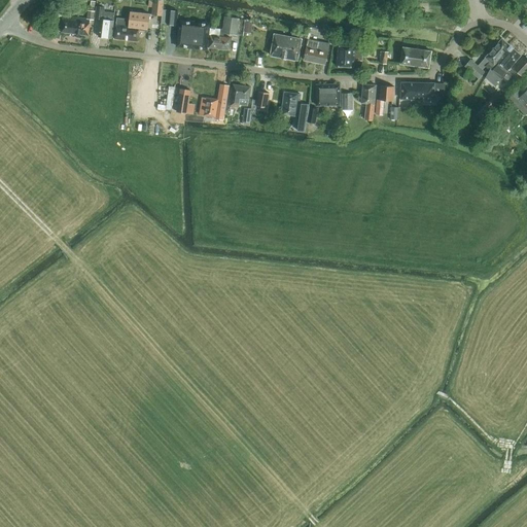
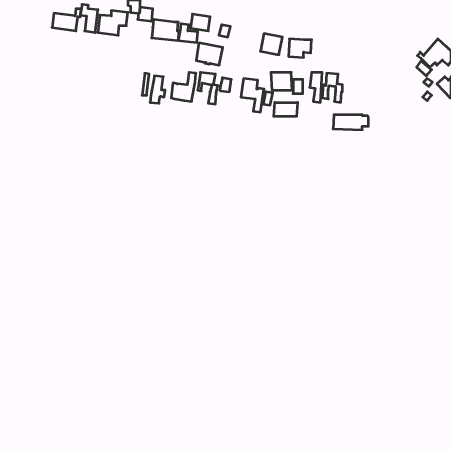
building: [271,34,302,60] -> [196,43,223,65]
building: [464,38,511,78] -> none
building: [400,47,431,68] -> none
building: [400,82,442,100] -> [333,115,368,130]
building: none -> [274,102,298,116]

